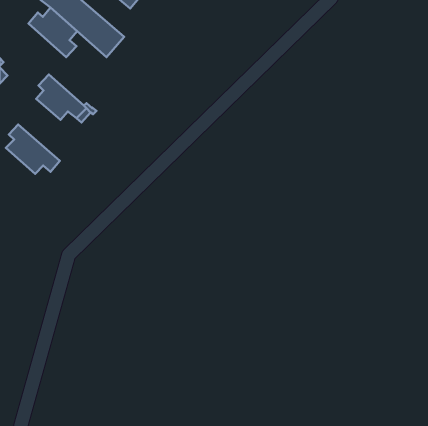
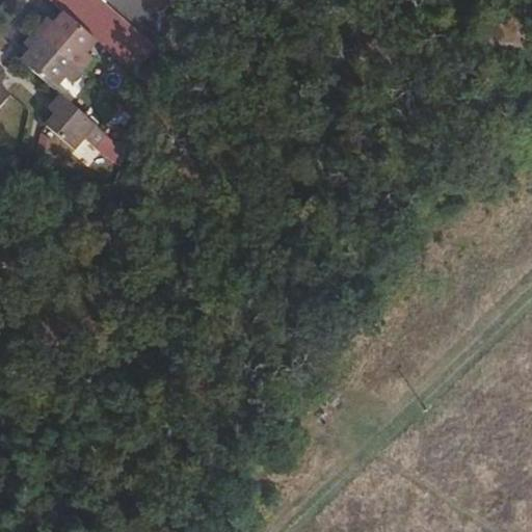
building: none -> [20,29,82,87]
building: [6,124,60,174] -> none

